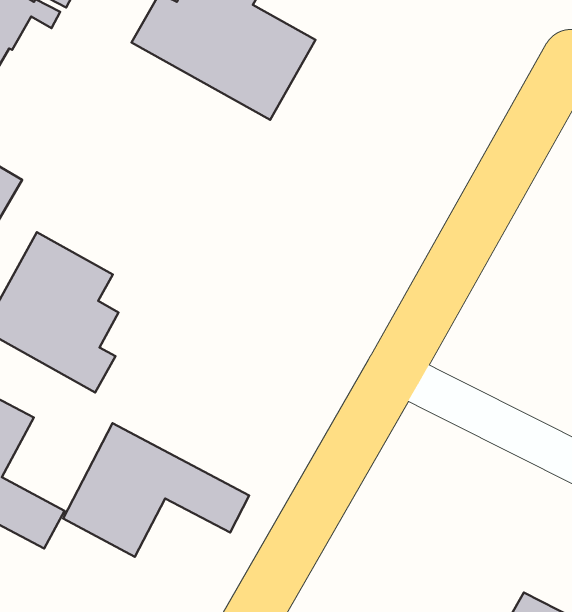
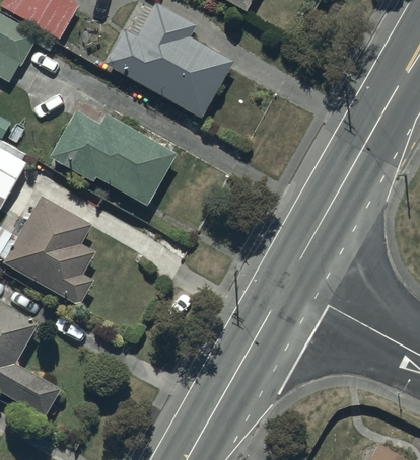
building: none -> [48,109,178,206]
building: [63,423,249,557] -> none

